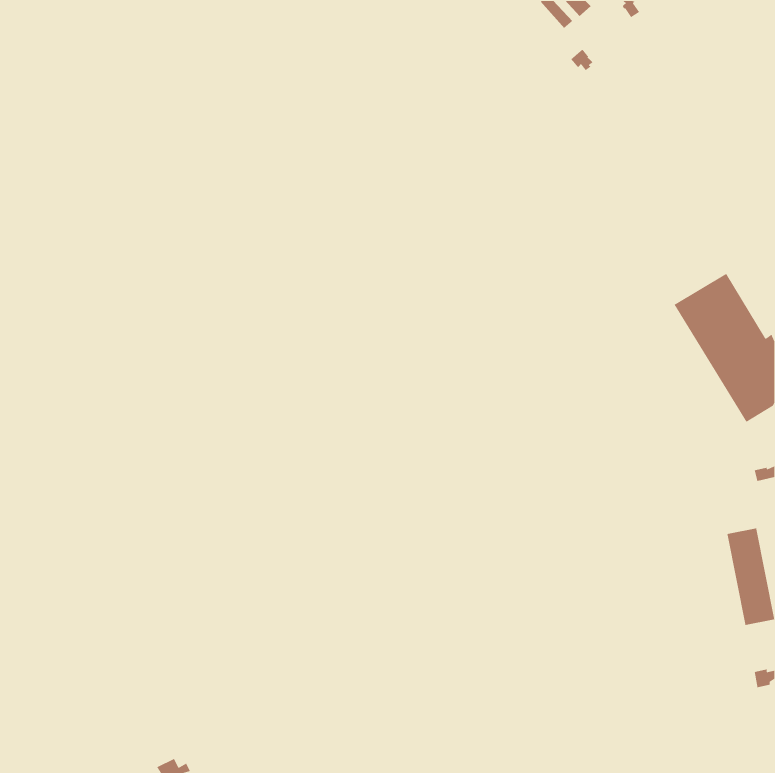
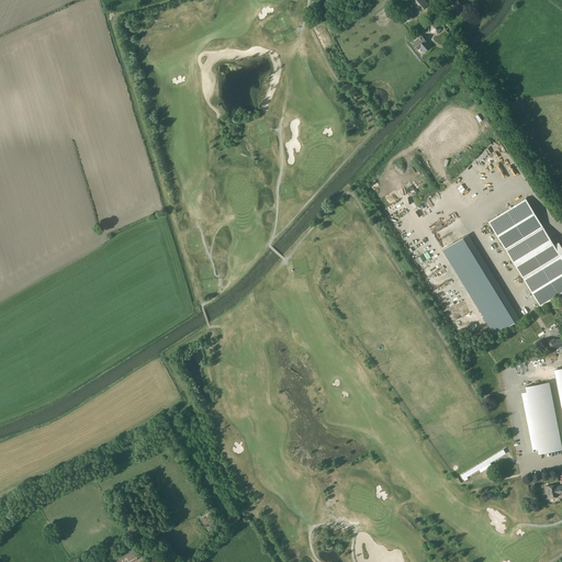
building: none -> [442,235,519,336]

